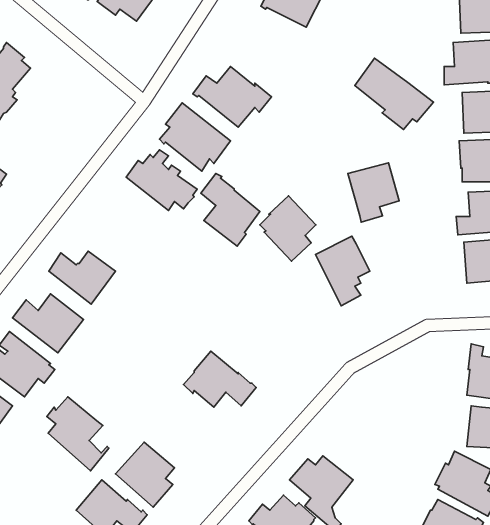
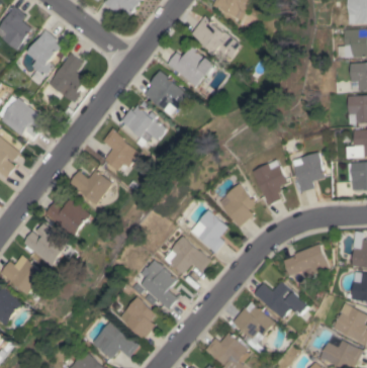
building: [355,58,434,129] -> [192,15,245,63]
building: none -> [47,53,84,106]
building: [348,163,399,222] -> [290,152,325,191]
building: [201,174,260,246] -> [104,127,144,176]
building: [260,196,316,261] -> [217,183,255,226]
building: none -> [189,209,226,253]
building: none -> [282,244,329,276]
building: [47,397,109,471] -> [137,260,179,309]
building: none -> [254,280,309,318]

